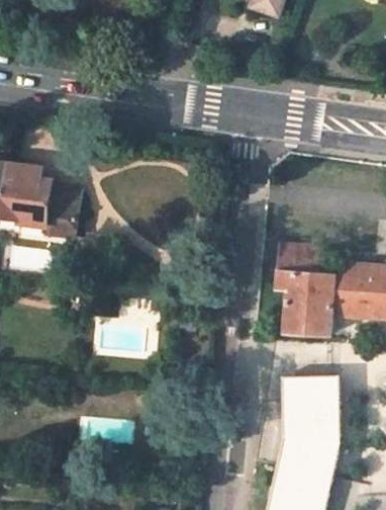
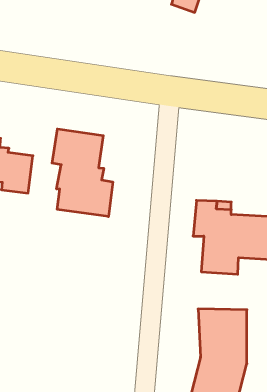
building: none -> [52,129,113,217]

